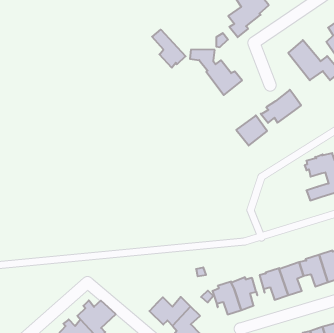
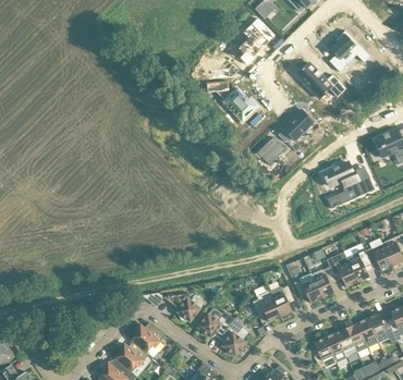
building: [152,30,186,68] -> none
building: none -> [163,293,204,321]

